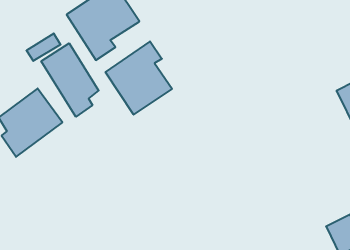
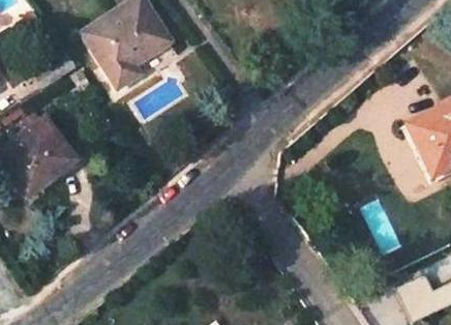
building: [106,41,172,115] -> none
building: [41,43,99,117] -> none

